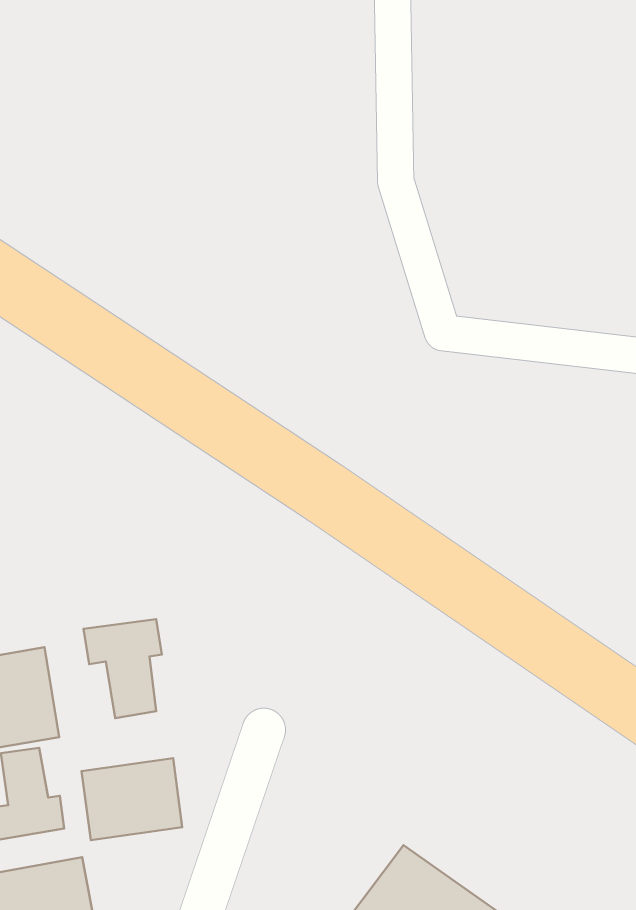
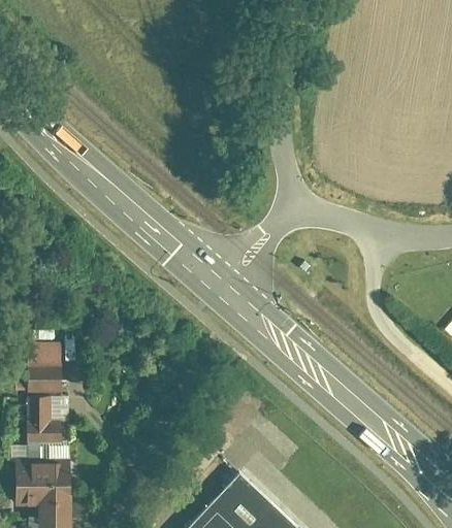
building: [84,619,162,718] -> none
building: [81,758,182,840] -> none

